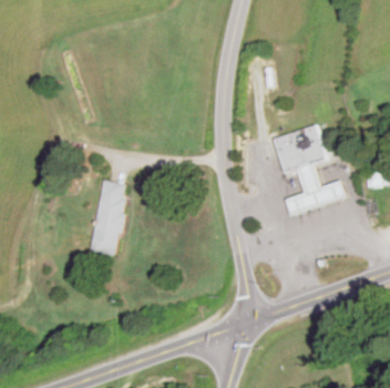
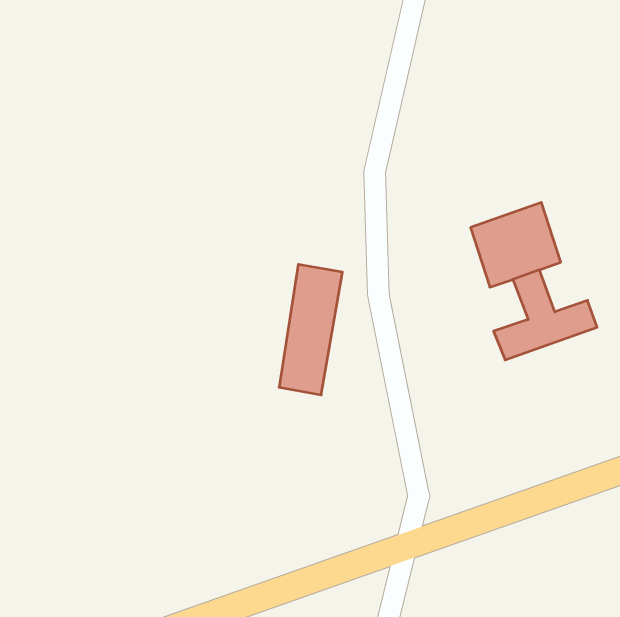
building: [91,181,127,256] -> [279,264,342,395]

